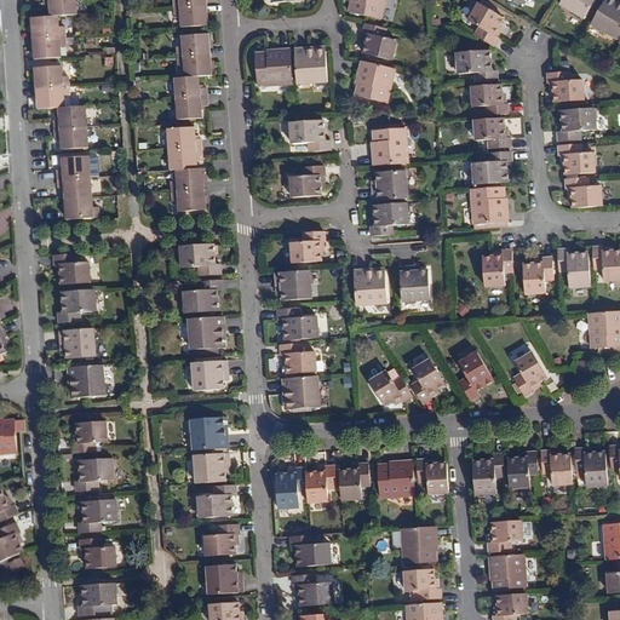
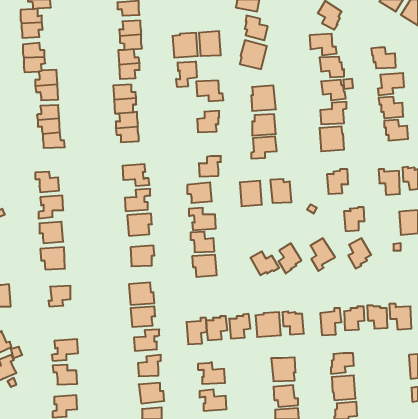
building: none -> [176,61,197,87]
building: [523,258,553,293] -> [344,207,365,231]
building: [74,457,111,489] -> none

